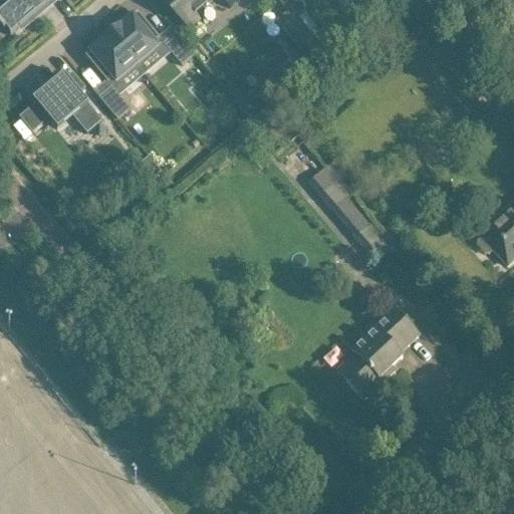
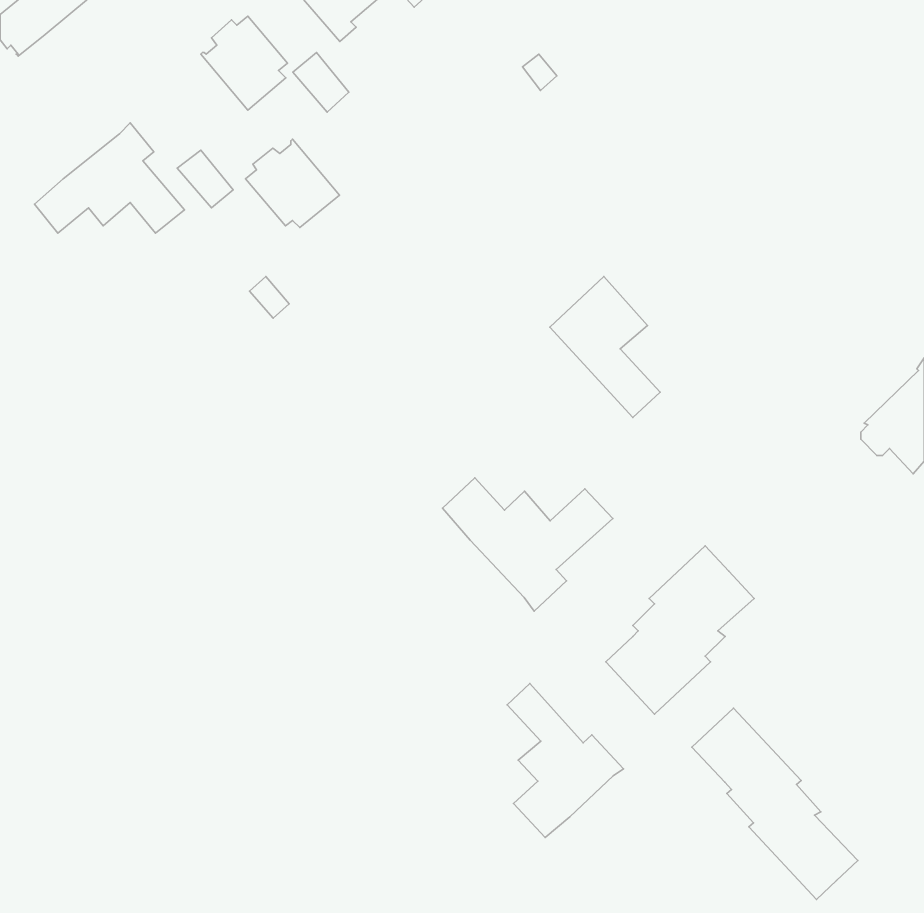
building: [85,30,138,79] -> [246,139,340,228]
building: none -> [442,478,613,611]
building: none -> [507,684,624,837]
building: none -> [692,708,858,900]

